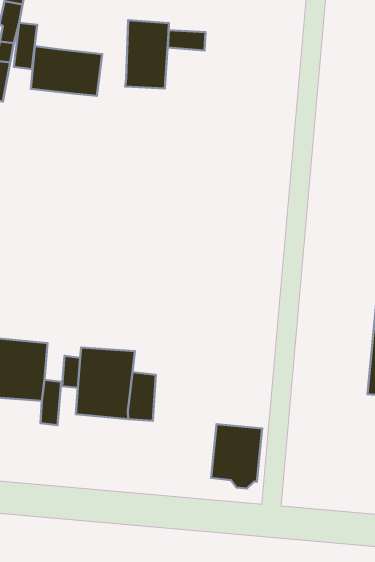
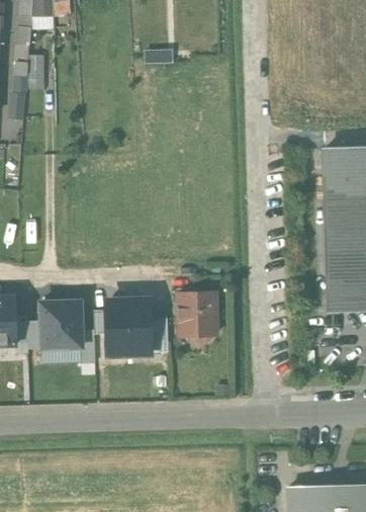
building: [125,20,169,89] -> none
building: [31,46,102,96] -> none
building: [211,424,262,489] -> [178,293,214,341]

